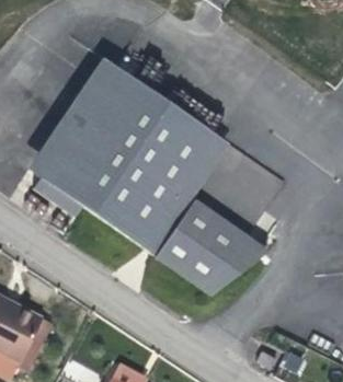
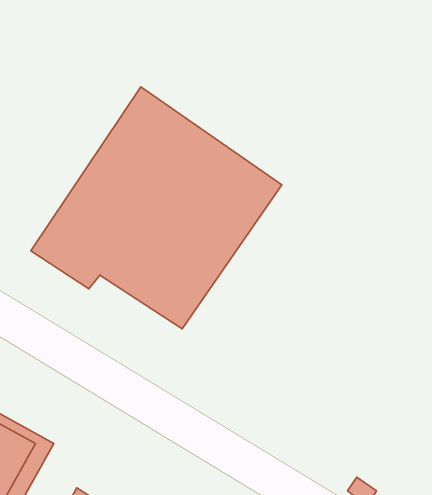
building: [146,139,270,288] -> none

